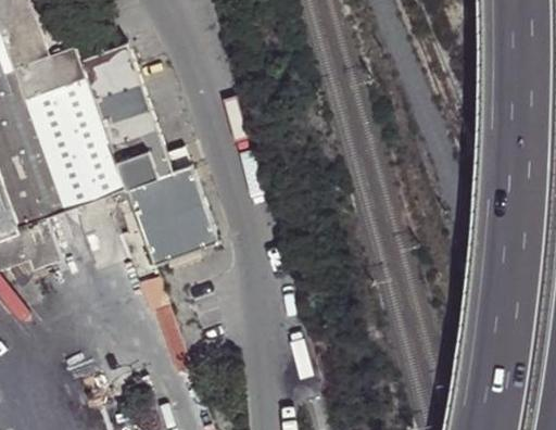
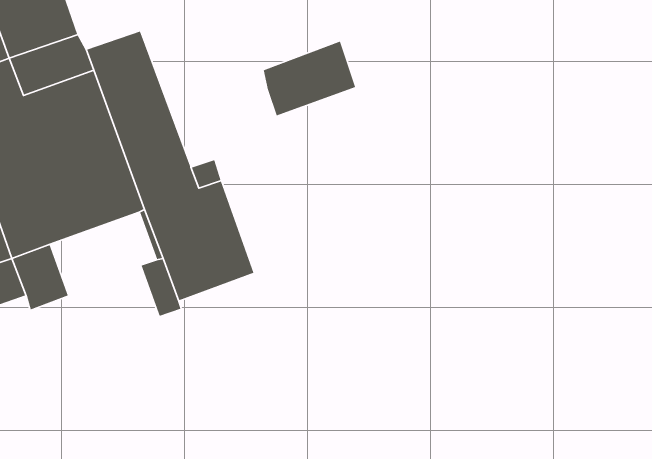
building: none -> [263,41,356,116]

